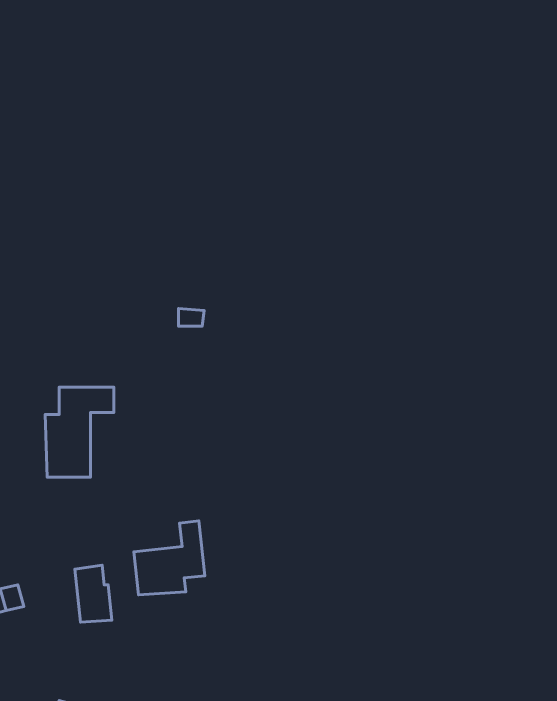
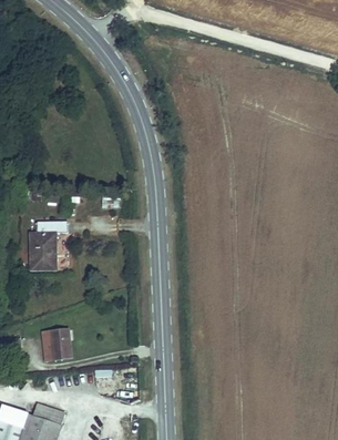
building: [134,521,205,595] -> none

